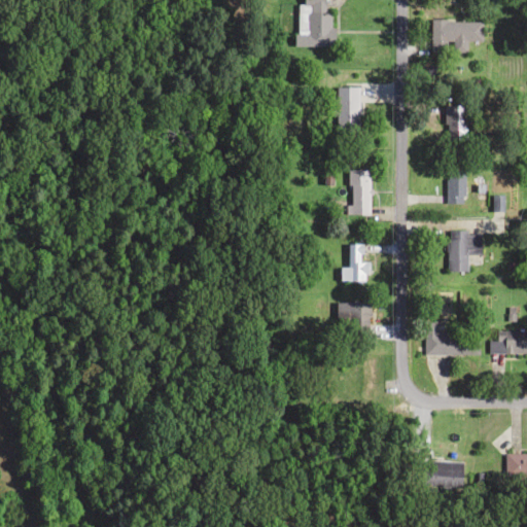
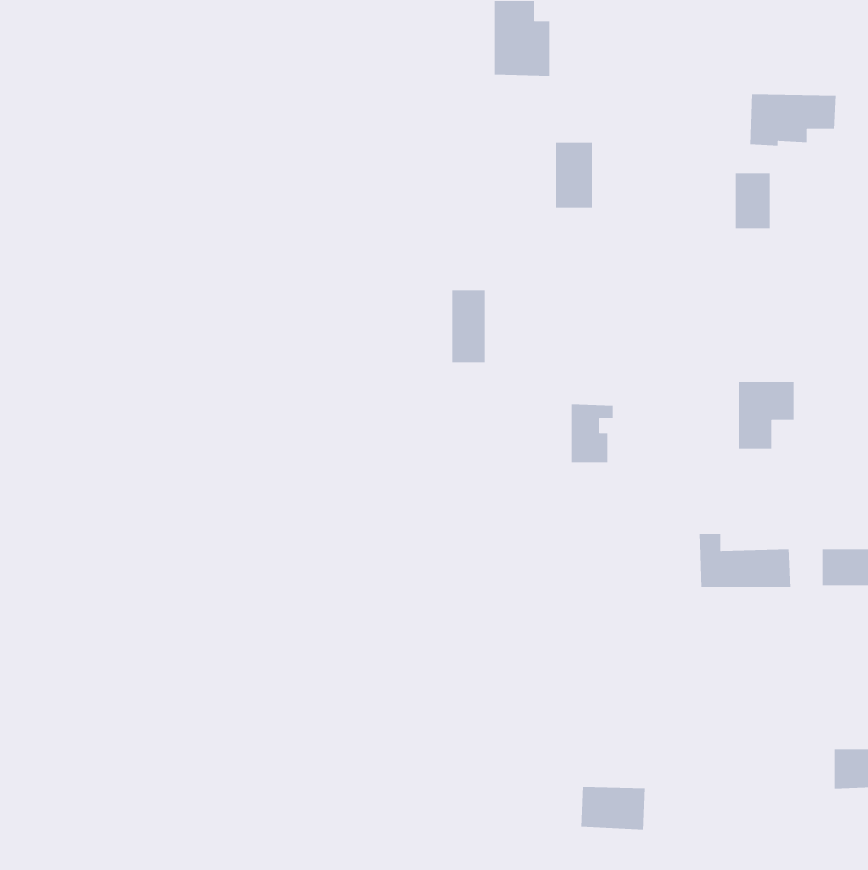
building: [431,21,484,52] -> [749,94,837,147]
building: [350,171,371,215] -> [451,290,486,363]
building: [448,172,465,205] -> none
building: [338,305,370,332] -> none
building: [424,462,463,489] -> [581,786,645,831]

